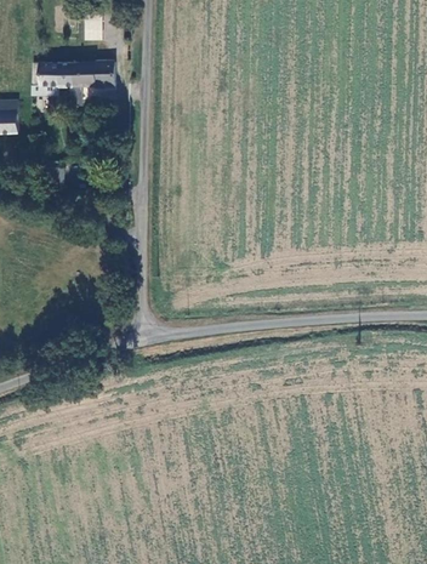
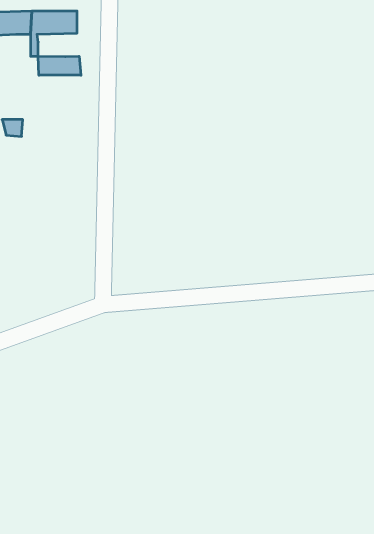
building: none -> [38,56,81,75]

